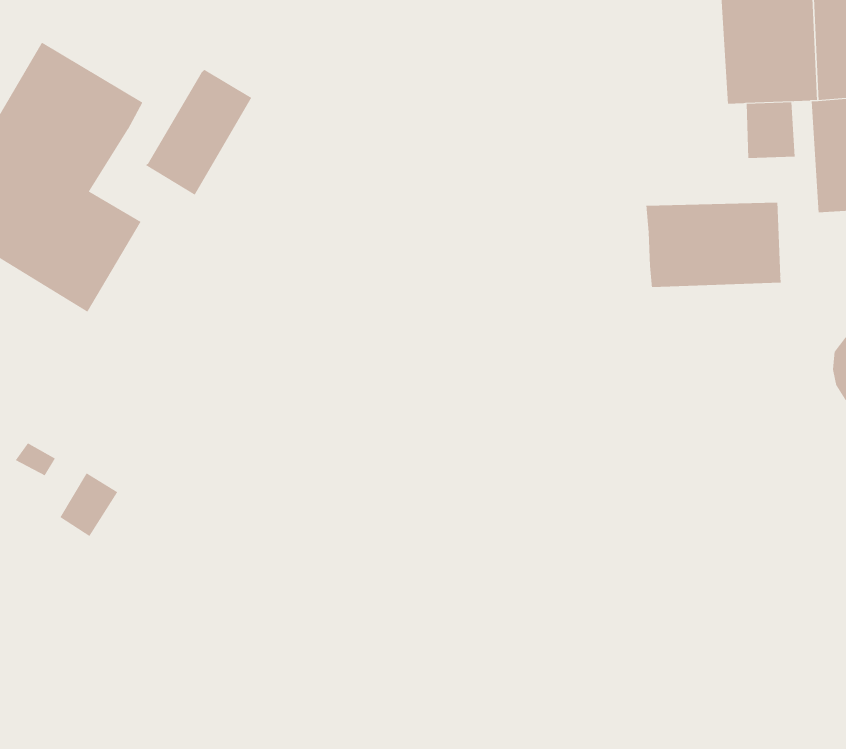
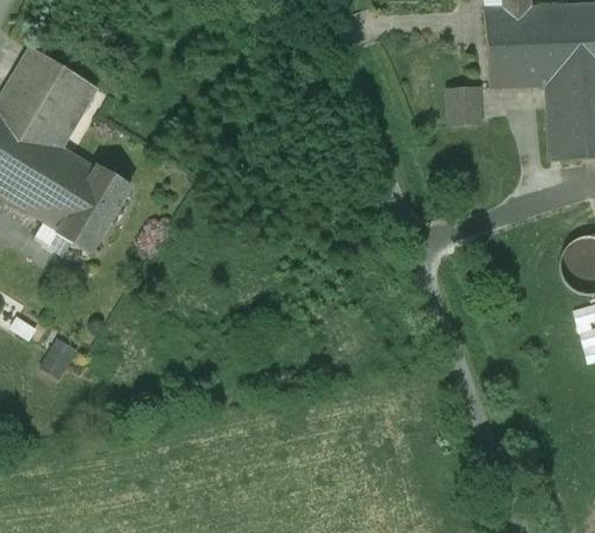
building: [145,69,252,196] -> [58,165,130,249]
building: [746,102,796,159] -> [447,86,481,124]
building: [646,202,781,288] -> none

